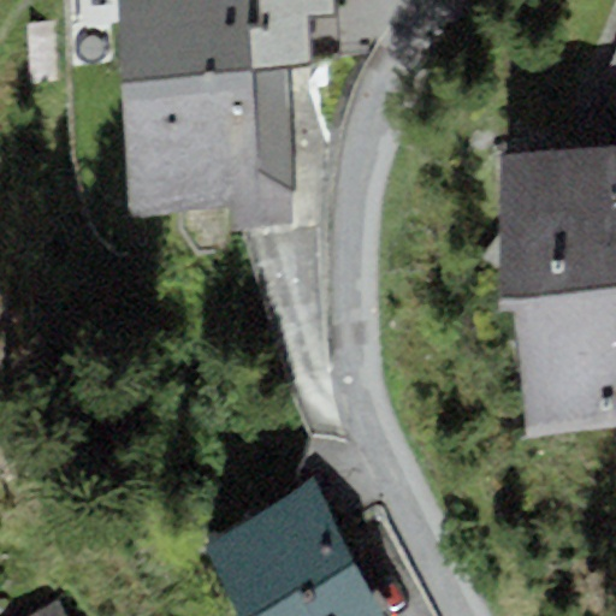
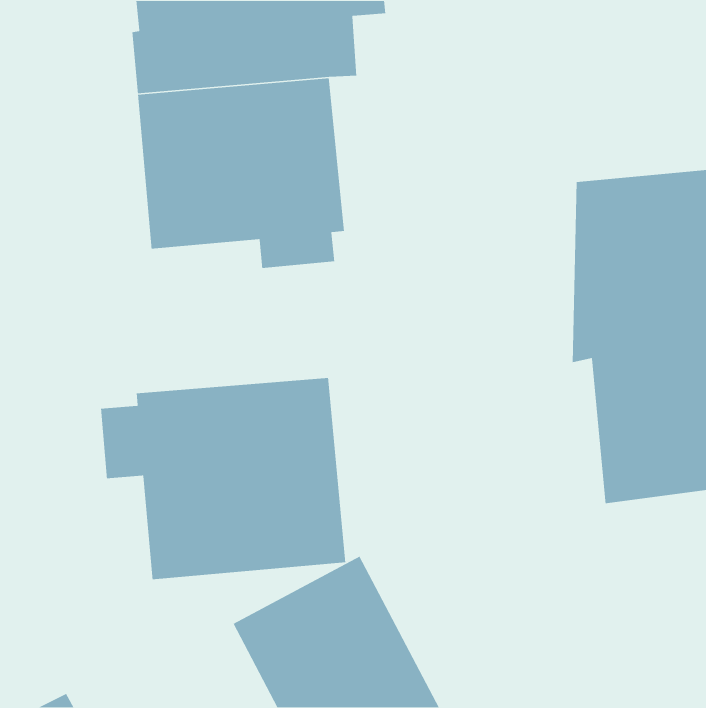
building: none -> [100,377,346,580]

